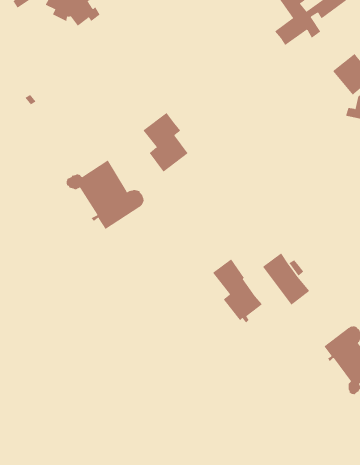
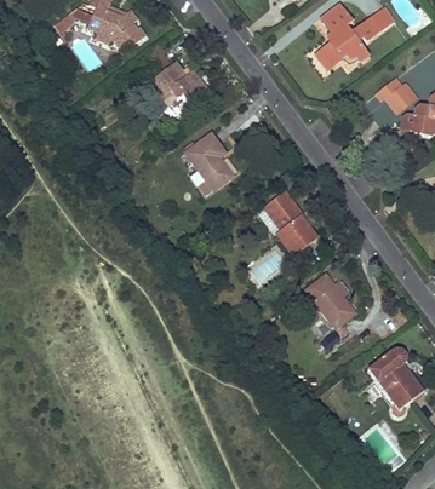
building: none -> [147,62,208,103]
building: [66,160,144,230] -> none
building: [212,258,263,324] -> [265,191,316,257]

